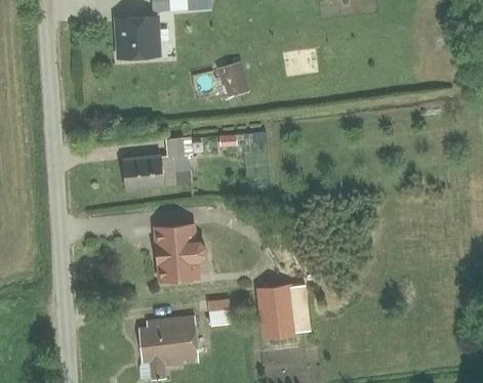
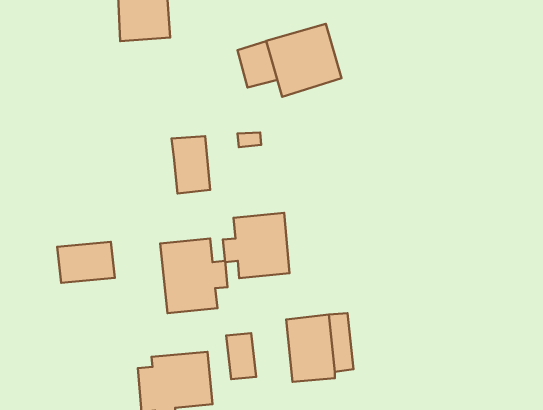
building: none -> [266,24,341,97]
building: [120,156,167,189] -> [57,242,115,283]
building: none -> [223,213,290,278]

